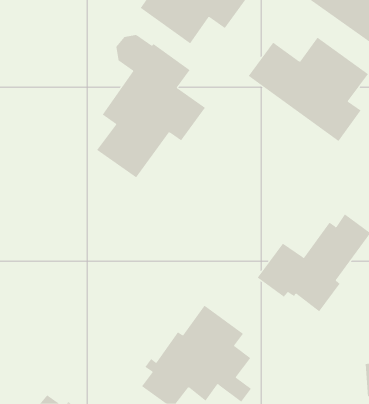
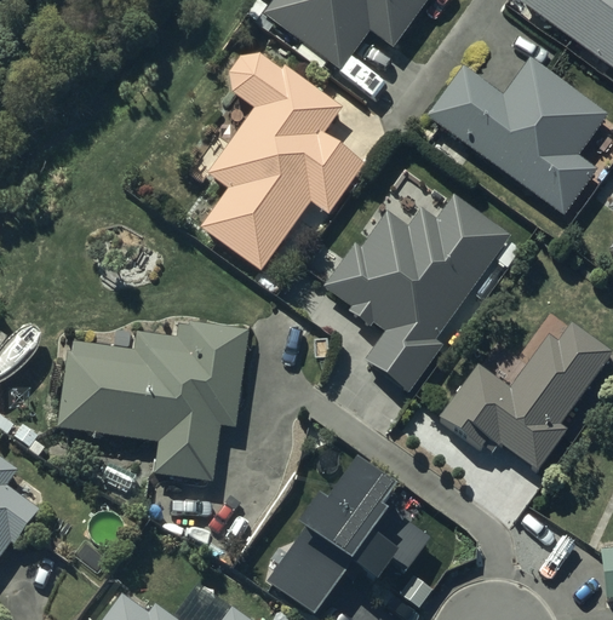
building: none -> [325,195,508,389]
building: none -> [59,322,247,478]

